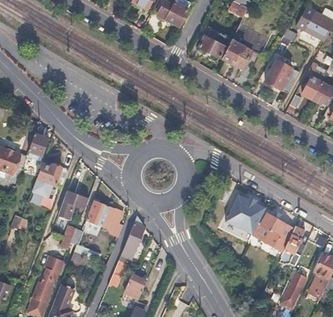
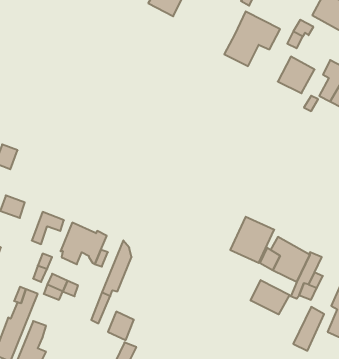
building: [198,30,230,58] -> none
building: [37,161,69,184] -> none
building: none -> [251,280,290,314]

